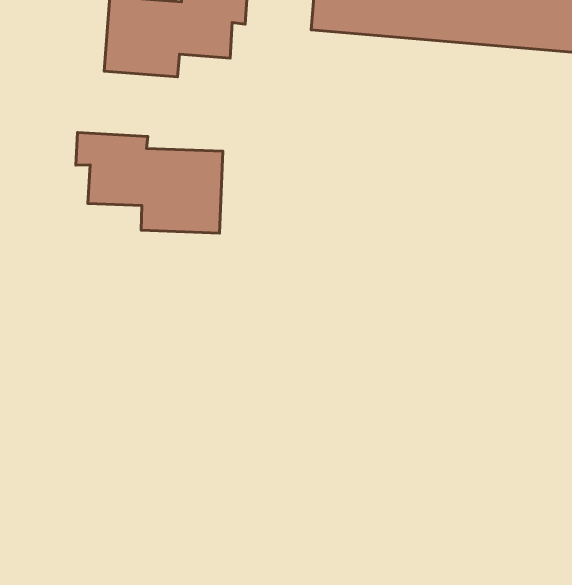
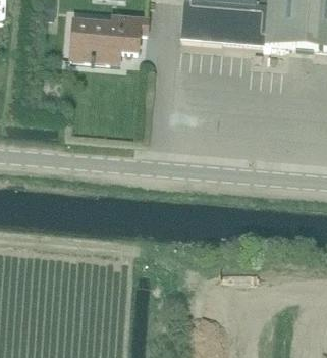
building: [76,132,223,233] -> none

